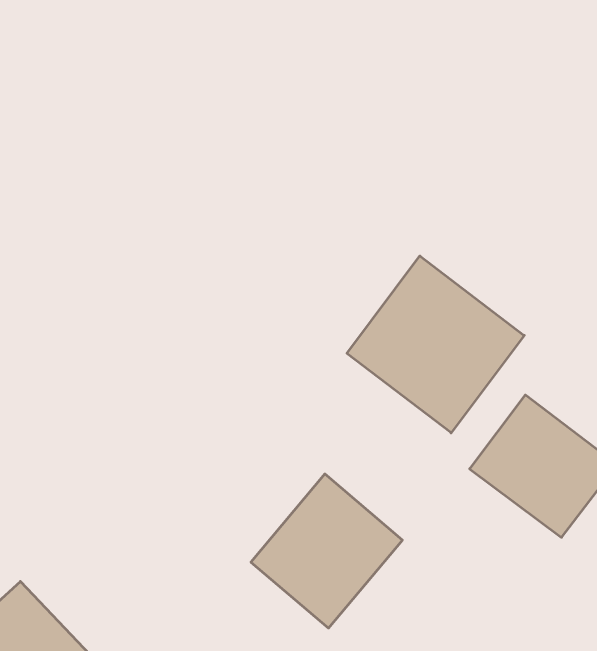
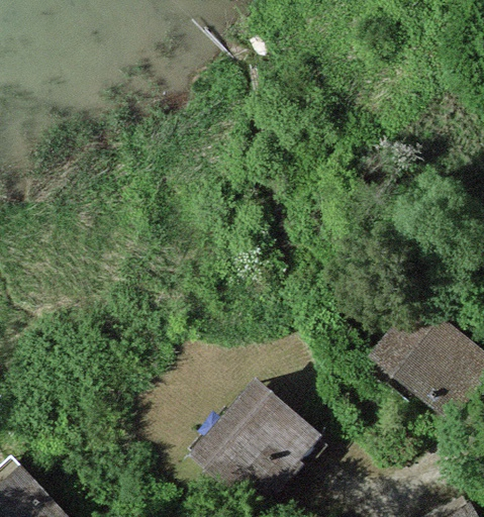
building: [347,256,524,433] -> none

